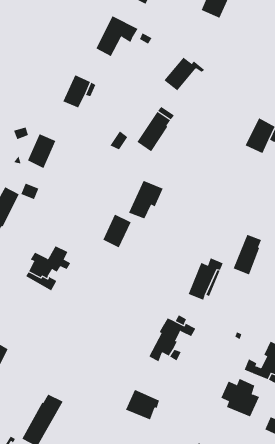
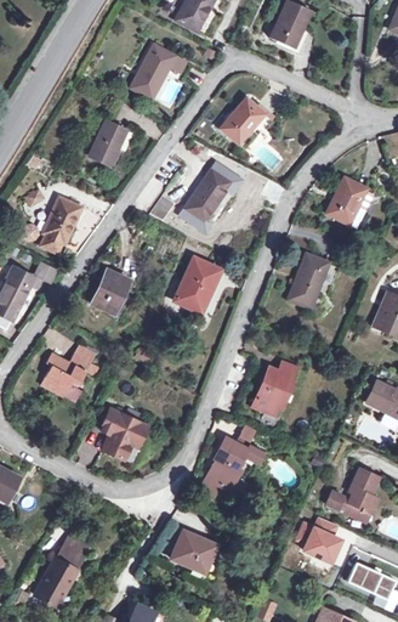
building: [102,214,131,248] -> [92,268,130,313]
building: [233,234,262,275] -> [289,254,326,307]
building: none -> [101,407,148,458]

